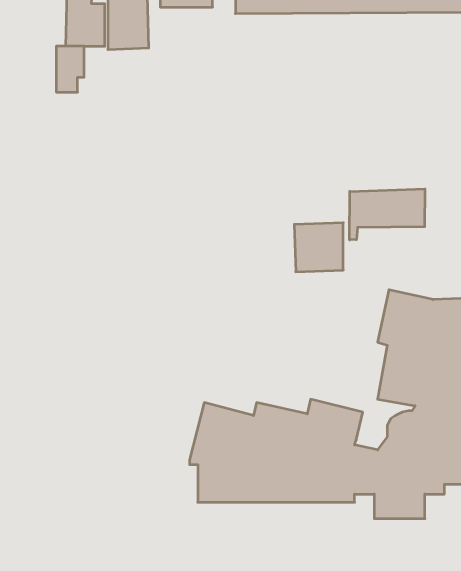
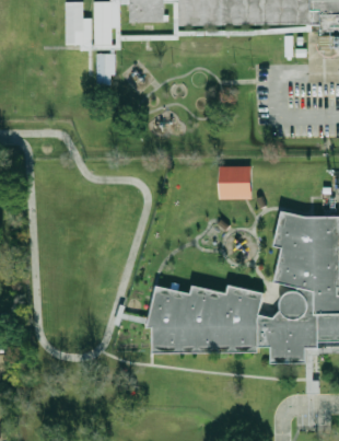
building: [56,46,84,92] -> [95,54,114,84]
building: [350,189,425,240] -> none

